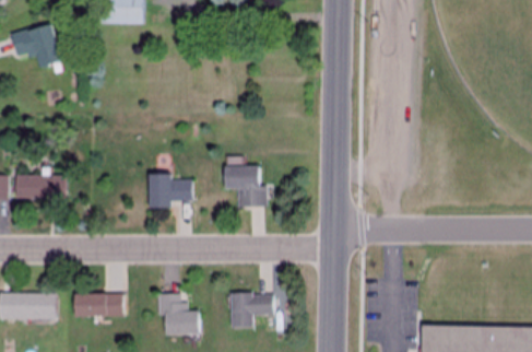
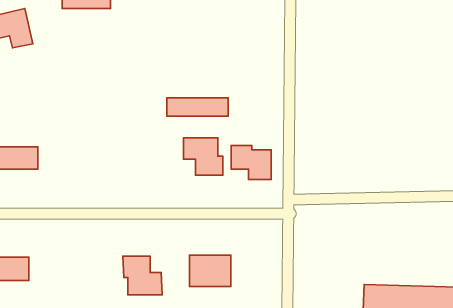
building: none -> [167,98,228,116]
building: [149,173,192,203] -> none
building: none -> [231,145,271,180]
building: [74,294,123,316] -> none

